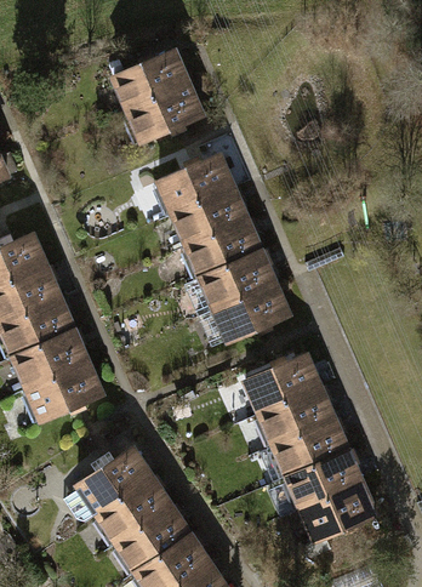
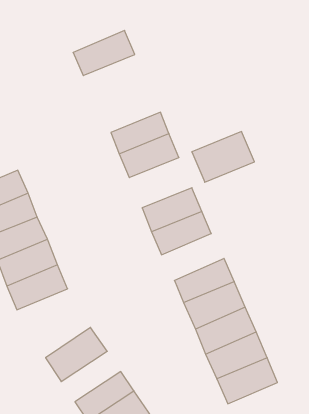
building: [122,84,205,144] -> none
building: [183,220,266,286] -> [192,132,254,182]
building: [93,475,172,542] -> none

